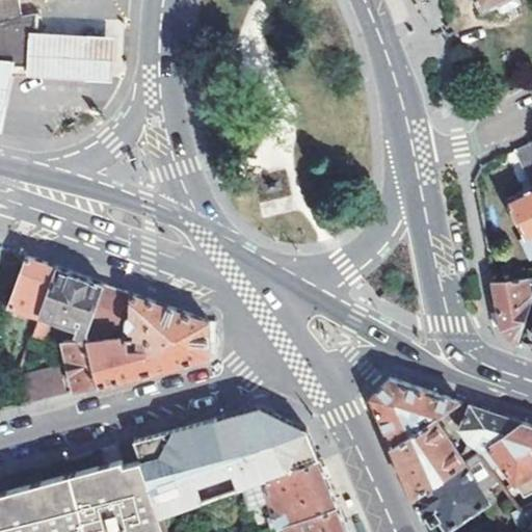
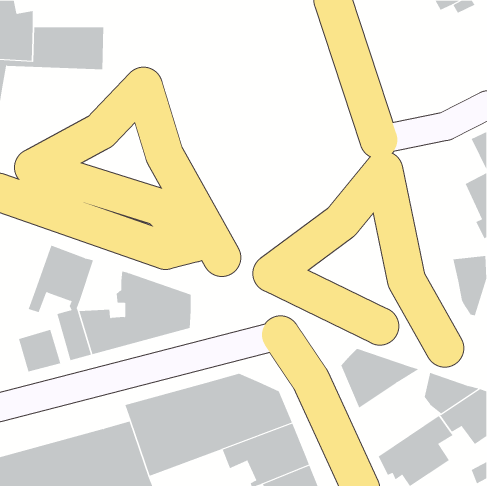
building: [8,259,55,319] -> none
building: [87,286,126,338] -> none
building: [390,419,479,499] -> none

